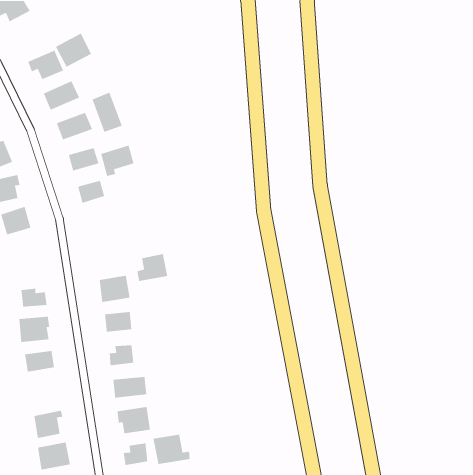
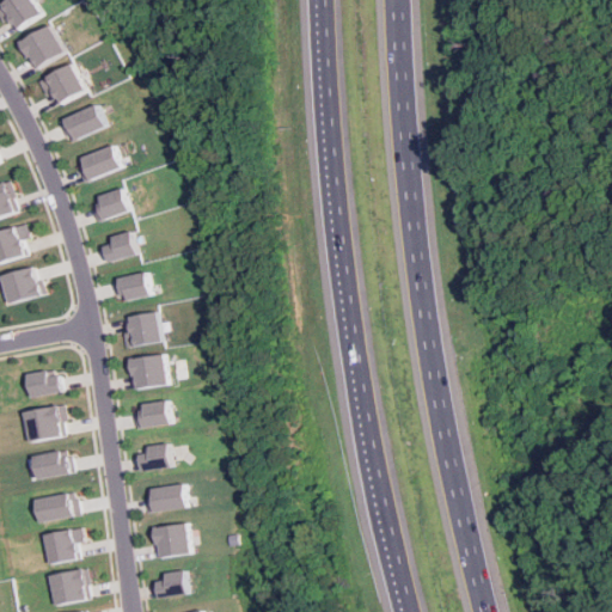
building: [55,33,92,68] -> [14,25,62,71]
building: [91,91,123,133] -> none
building: [100,144,135,177] -> none
building: none -> [112,273,149,302]
building: [137,253,168,282] -> [121,311,161,348]
building: none -> [33,491,79,524]
building: [153,434,191,465] -> none

